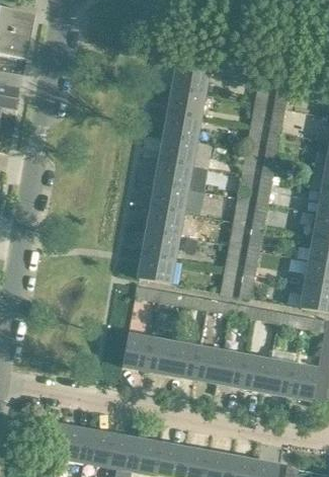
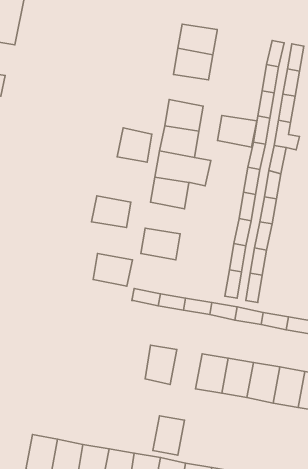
building: [168,86,204,115] -> [218,115,257,147]
building: none -> [117,128,152,162]
building: [146,205,182,234] -> [91,196,131,227]
building: [138,252,174,283] -> [93,253,132,286]
building: [121,333,151,369] -> none
building: [169,341,198,378] -> [153,416,185,455]

